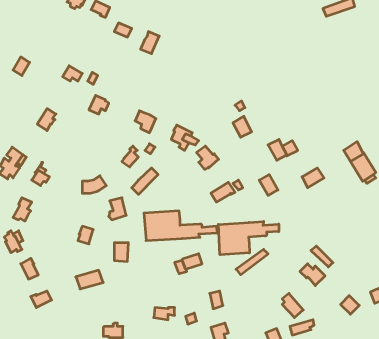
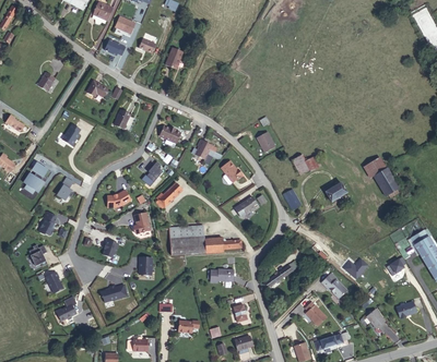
building: [218,221,279,255] -> none

